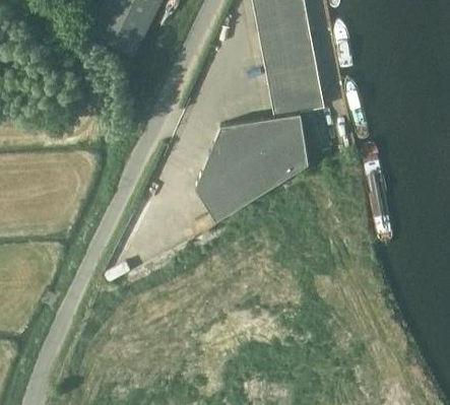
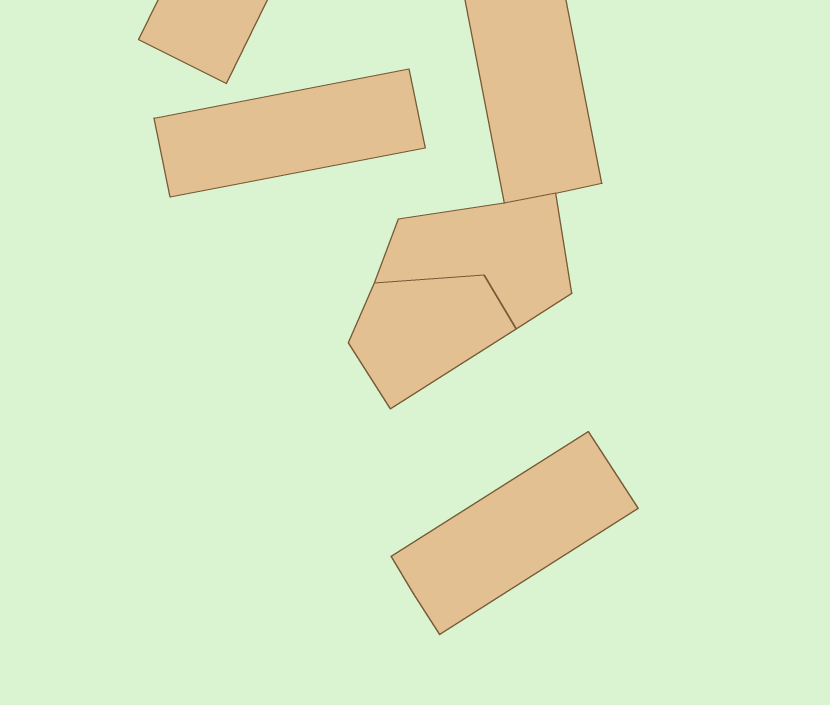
building: none -> [154,69,425,197]
building: none -> [391,432,638,635]

